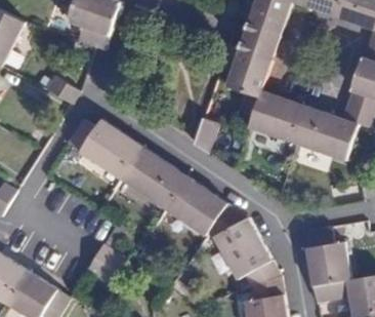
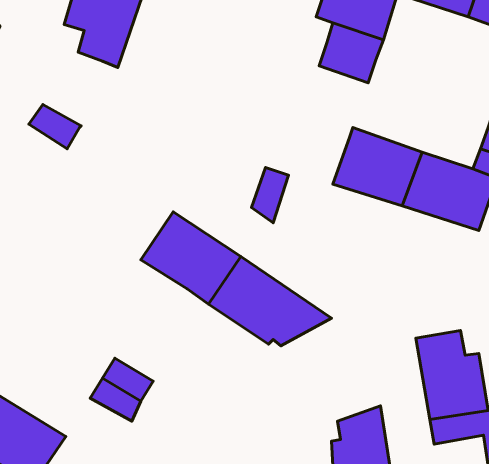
building: [221,45,270,96] -> none
building: [66,119,140,179] -> none
building: [212,217,279,286] -> none

